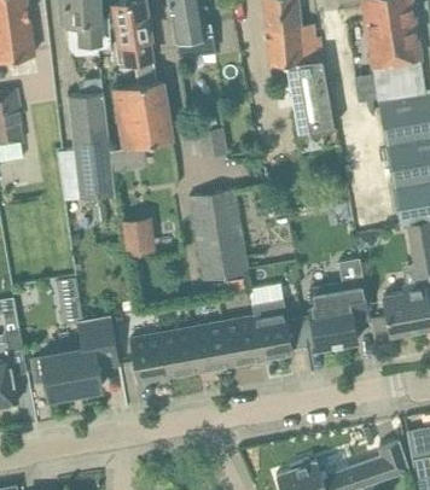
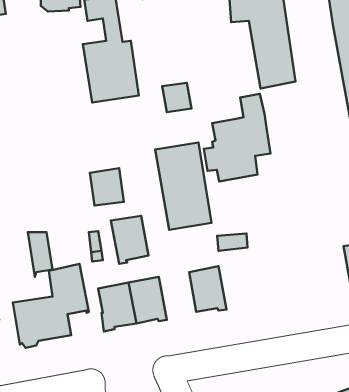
building: [68,93,114,199] -> none
building: [301,259,370,350] -> [204,94,270,181]
building: [254,311,294,362] -> none
building: [192,323,231,373] -> [111,216,148,264]

